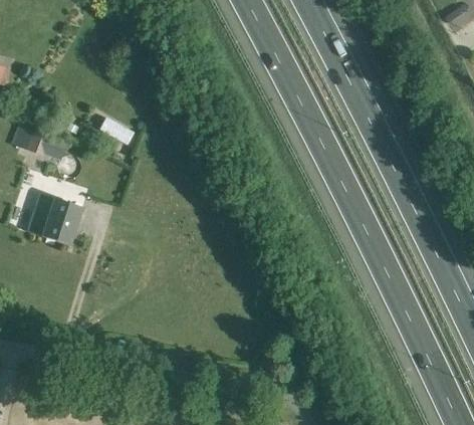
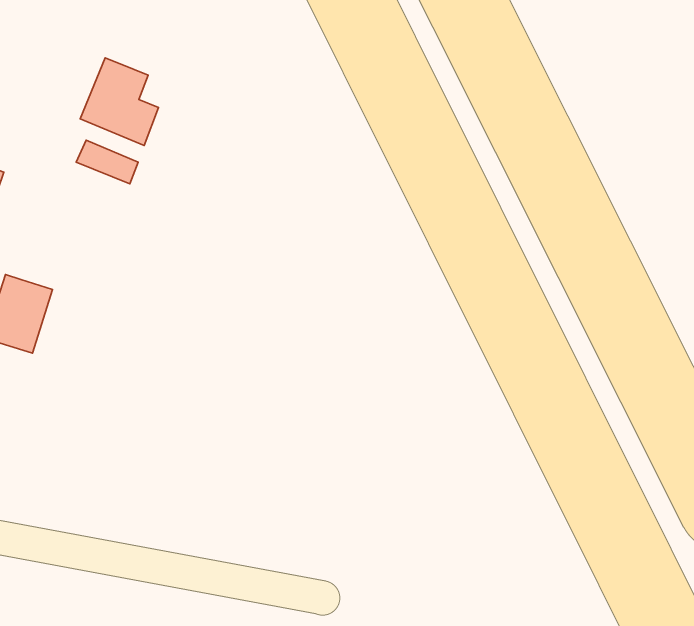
building: none -> [80,58,158,145]

